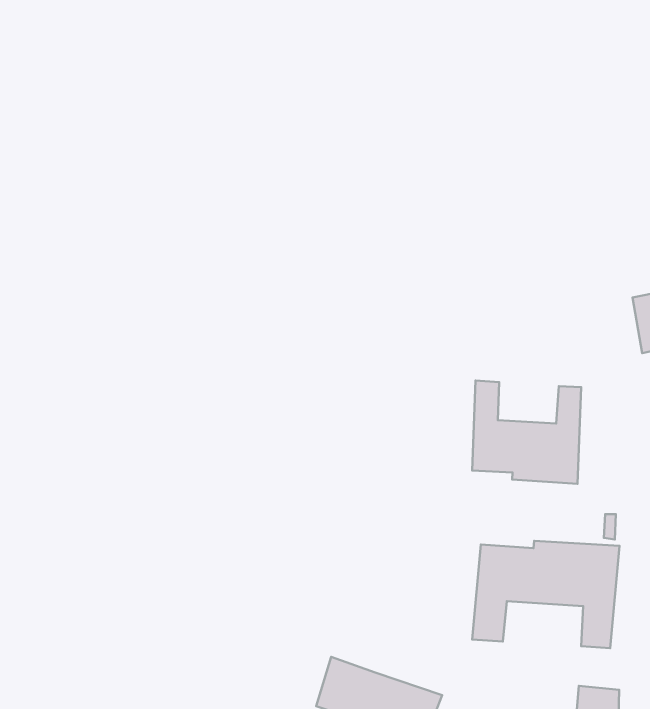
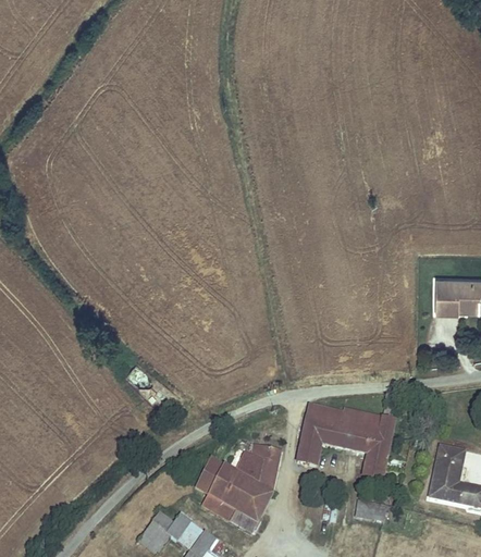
building: [472,381,581,484] -> none
building: none -> [235,442,283,491]

